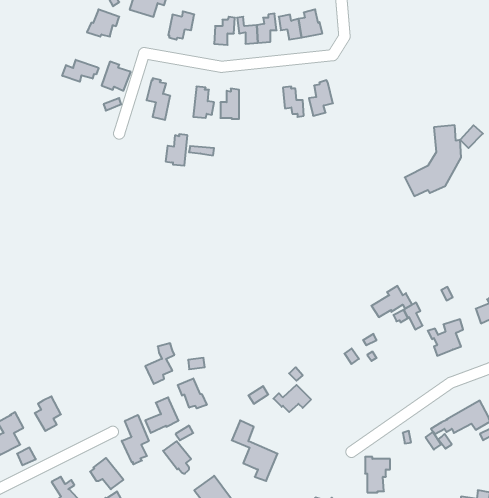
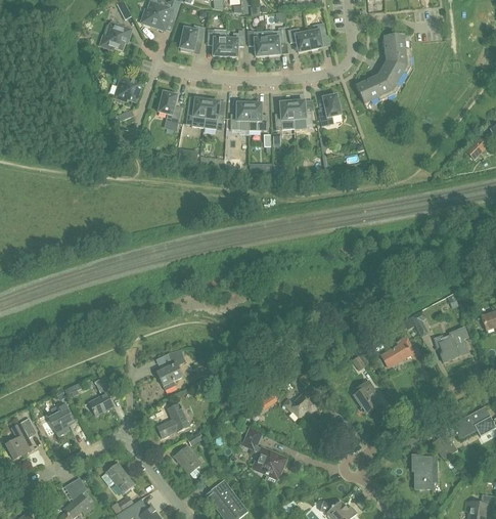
building: none -> [207,28,226,55]
building: [62,60,99,82] -> none
building: none -> [274,98,294,129]
building: none -> [249,100,267,129]
building: [405,125,461,196] -> [355,34,410,103]
building: [166,134,187,166] -> [185,96,207,127]
building: [371,286,412,317] -> [380,335,420,365]
building: none -> [89,375,114,415]
building: none -> [354,379,378,413]
building: [178,378,207,408] -> none
building: [122,415,149,464] -> none
building: [365,457,390,492] -> [412,455,437,489]

